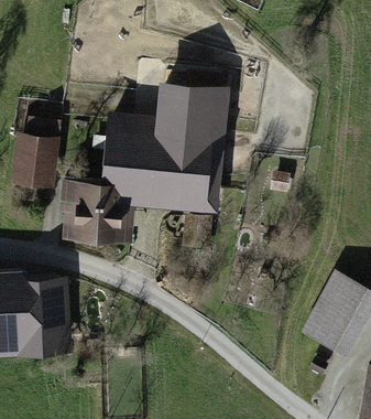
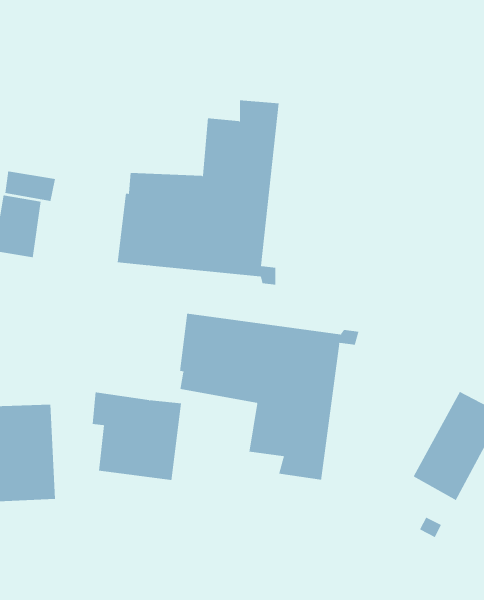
building: [63,181,124,241] -> [92,392,182,480]
building: none -> [180,313,359,481]

